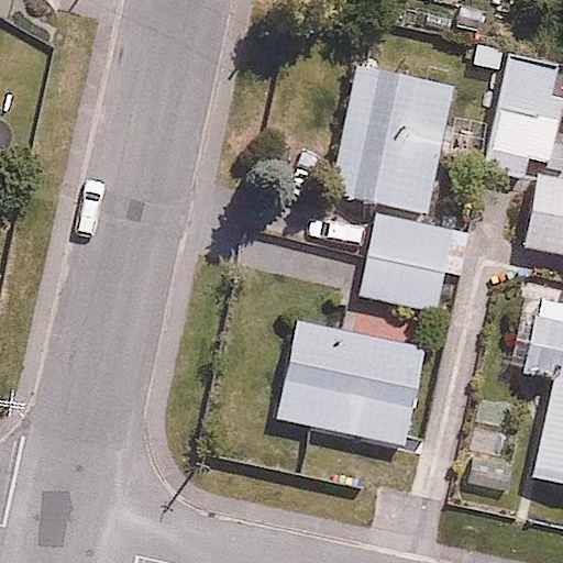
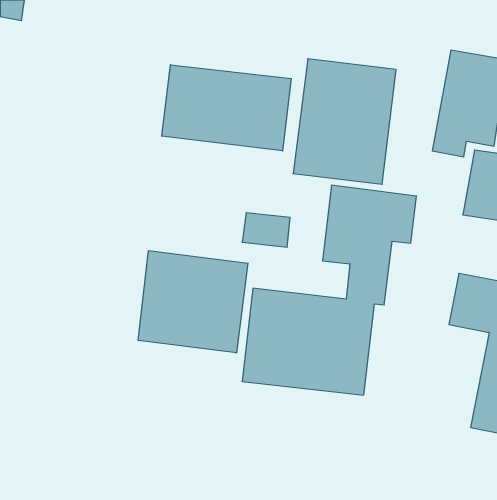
building: none -> [162,65,291,151]
building: none -> [138,251,248,353]

